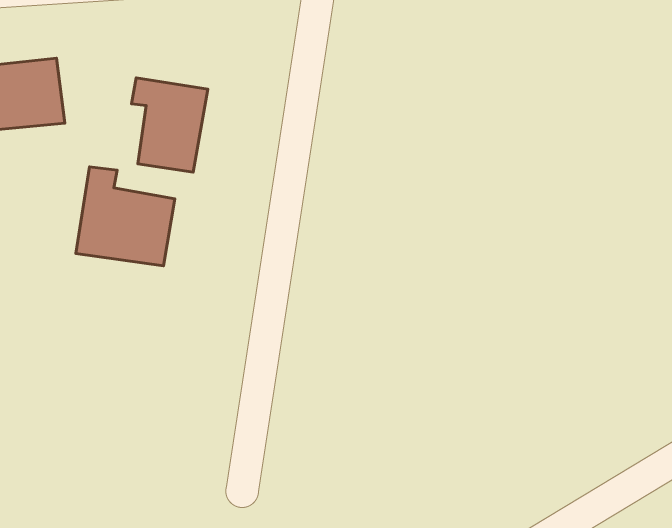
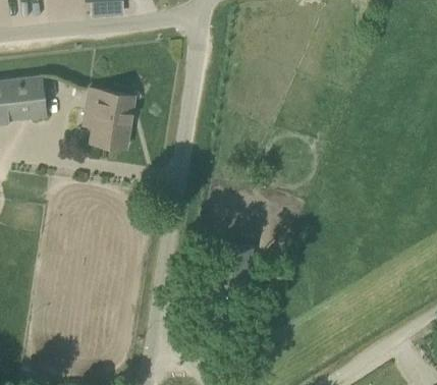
building: [76,167,175,266] -> none

